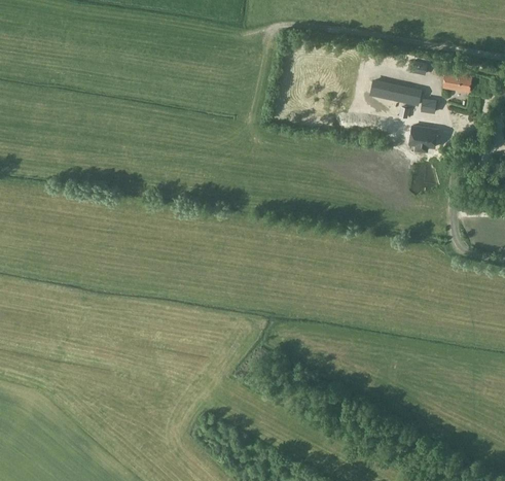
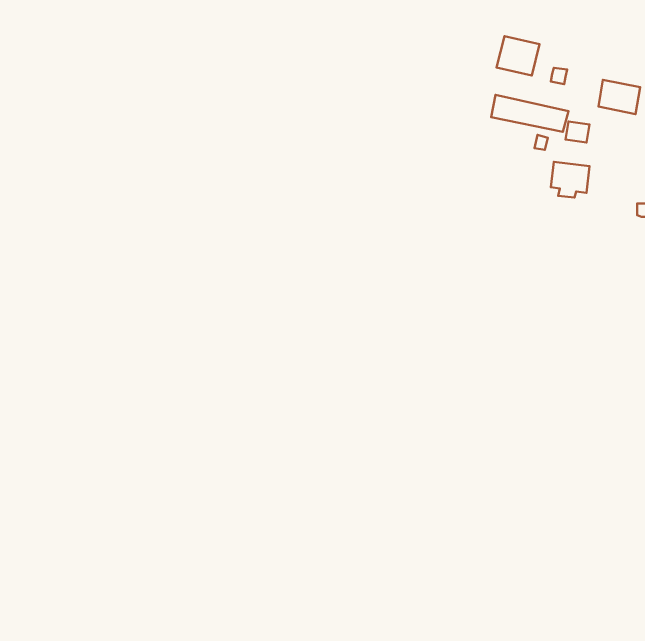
building: none -> [496,36,540,76]

